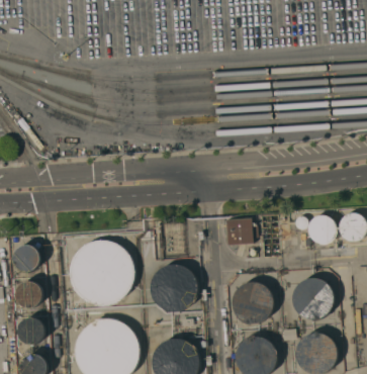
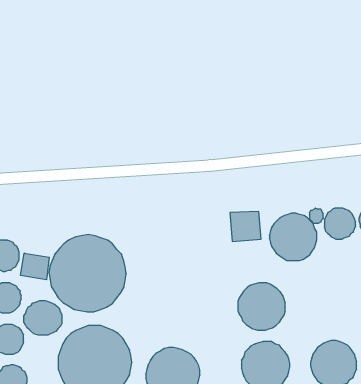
building: none -> [21,253,49,280]
building: [151,265,196,311] -> none
building: [292,278,334,319] -> [269,213,317,261]
building: none -> [24,301,62,335]

